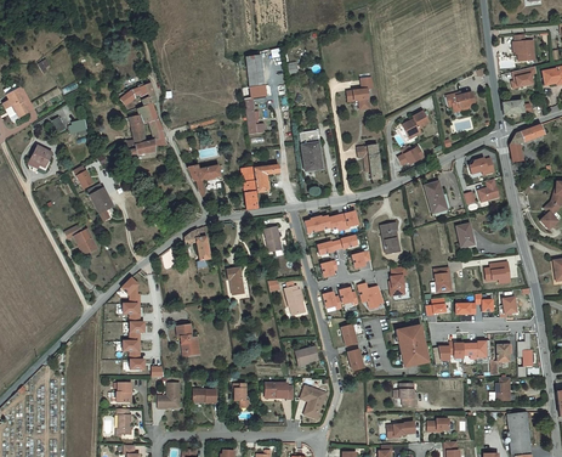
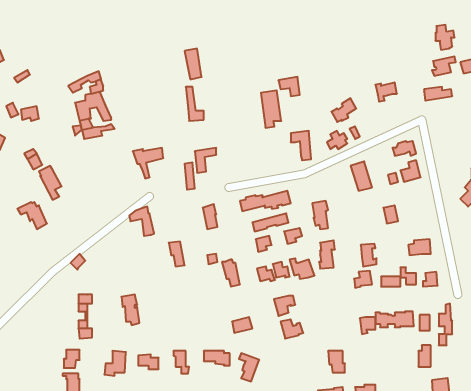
building: [507,122,543,160] -> none
building: [299,131,320,171] -> [261,90,281,128]
building: [396,325,427,367] -> none

